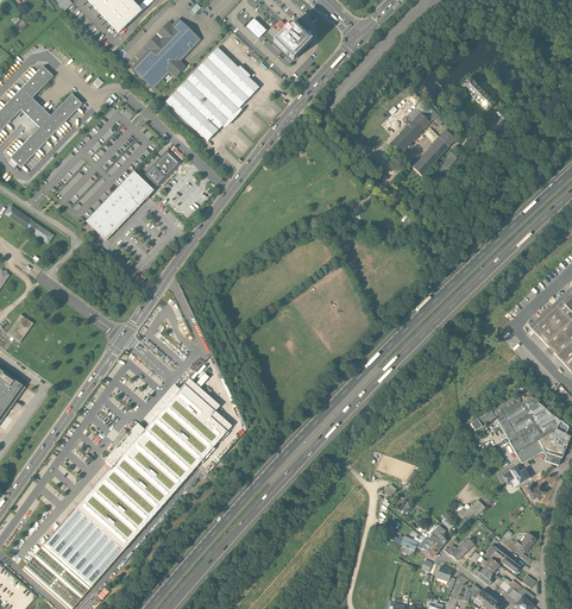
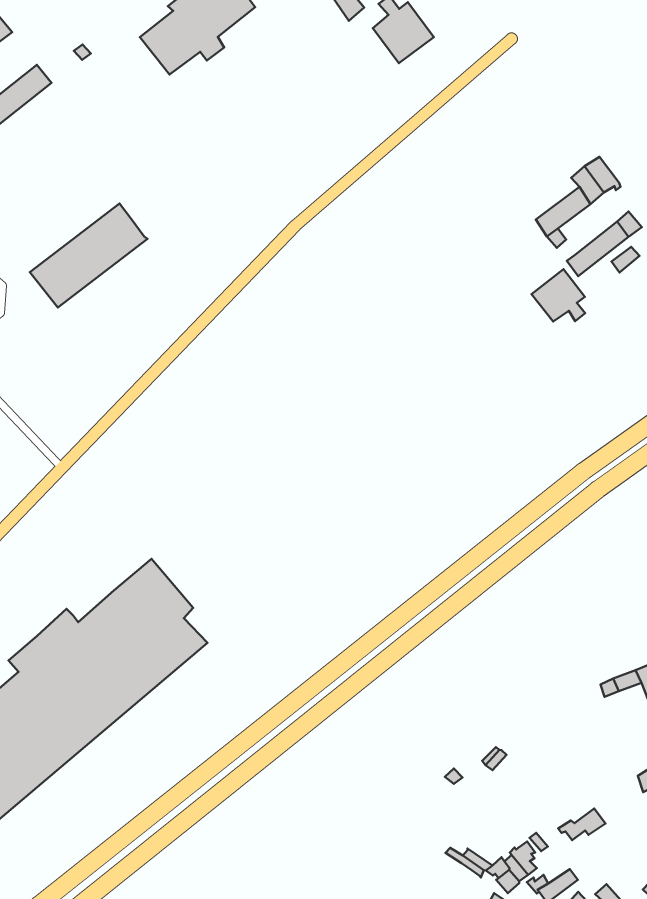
building: [165,48,259,142] -> none
building: [143,150,178,189] -> none
building: none -> [532,269,585,322]

